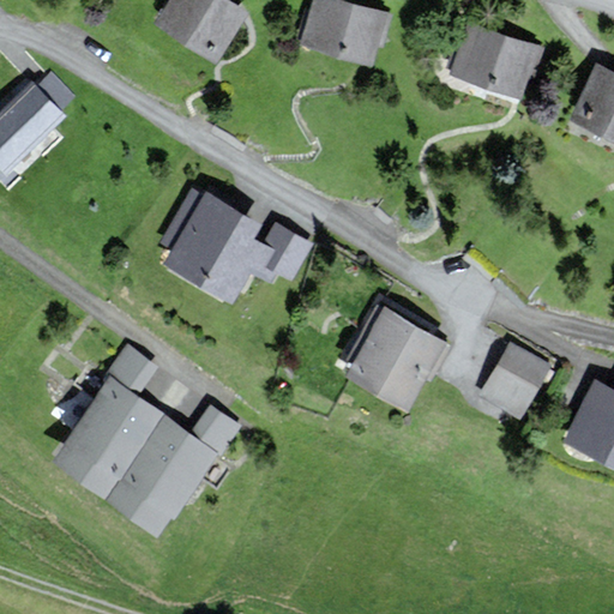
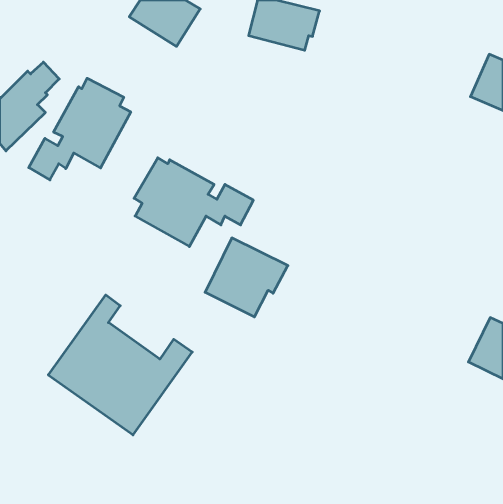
building: [451,25,541,94] -> none
building: none -> [29,78,131,180]
building: [345,308,446,404] -> [205,238,288,317]
building: [482,345,547,414] -> none

